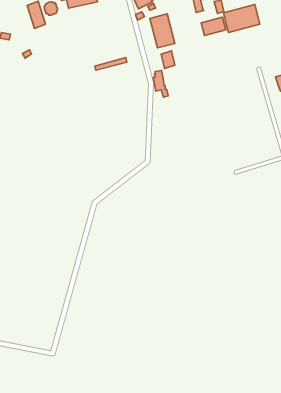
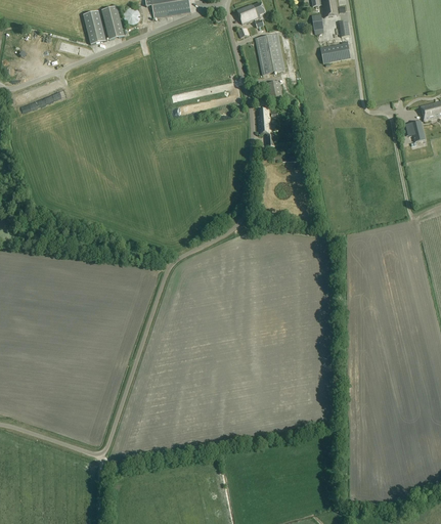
building: [223,5,260,32] -> none
building: none -> [83,10,106,44]

